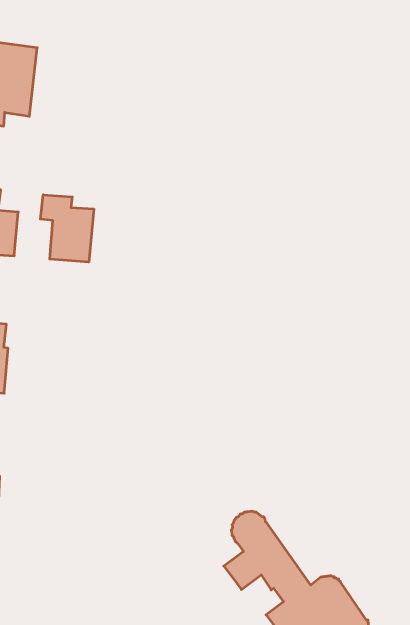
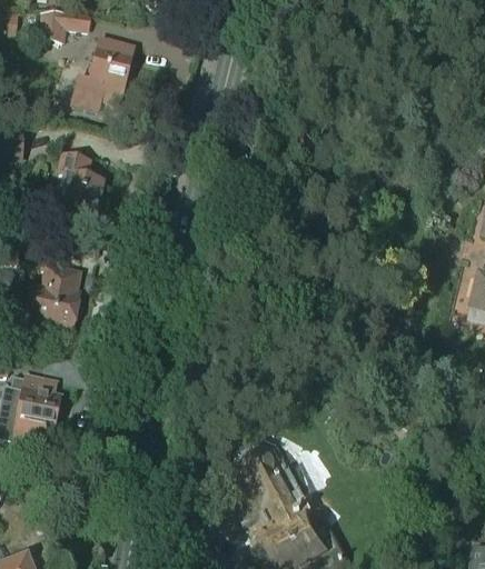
building: [40,195,94,262] -> none

